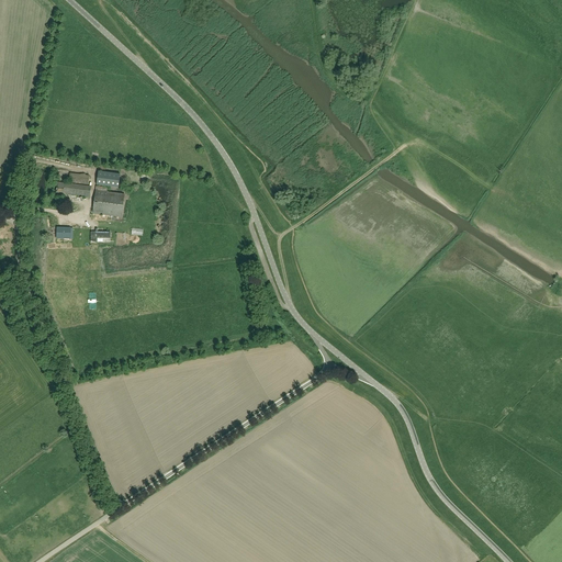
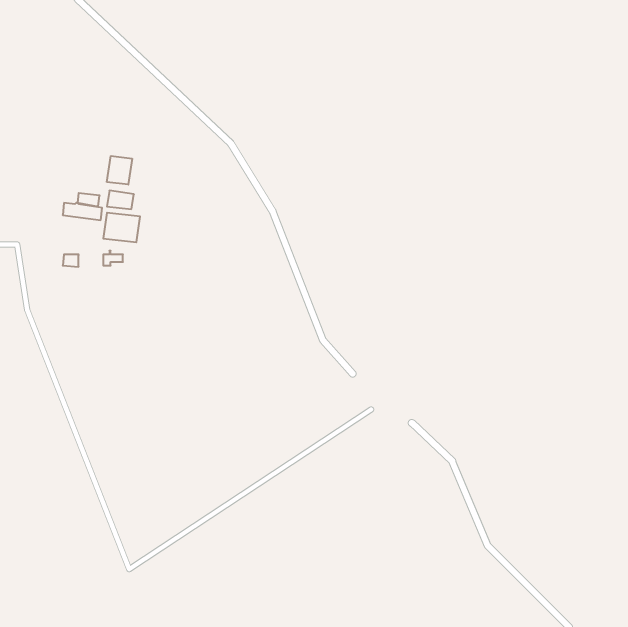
building: none -> [107,156,132,185]

